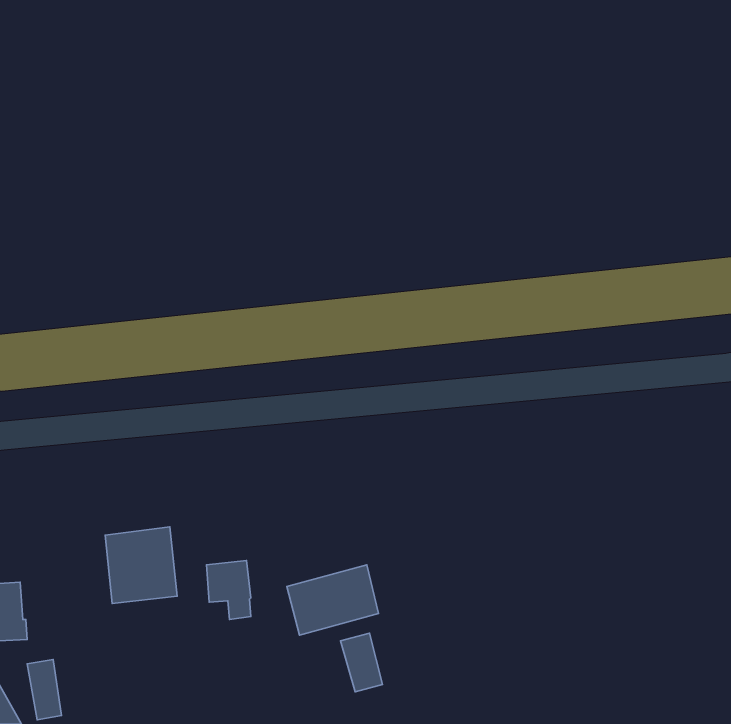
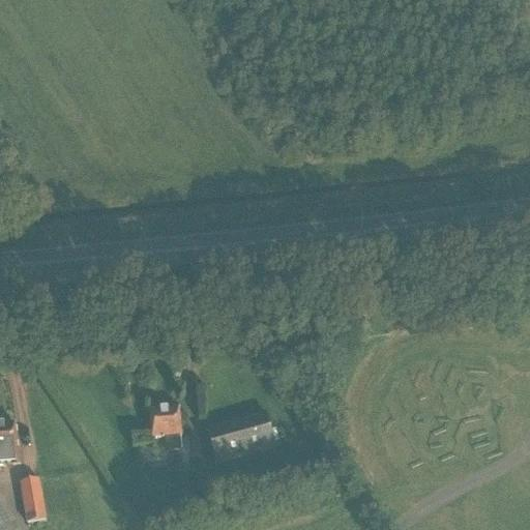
building: [105,527,177,603] -> none
building: [341,633,382,692] -> none

